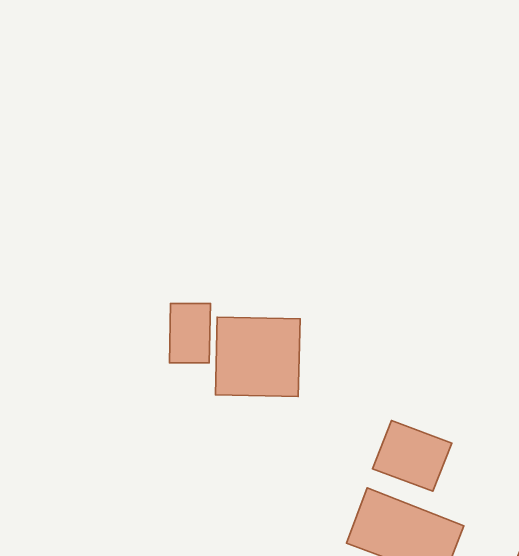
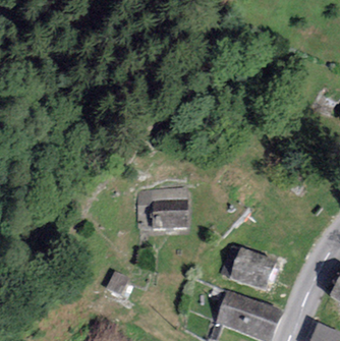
building: [169,303,211,363] -> none

